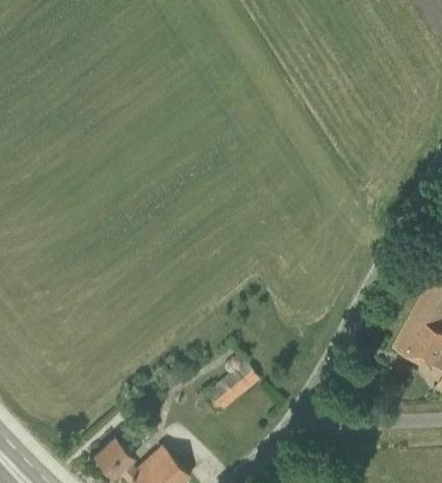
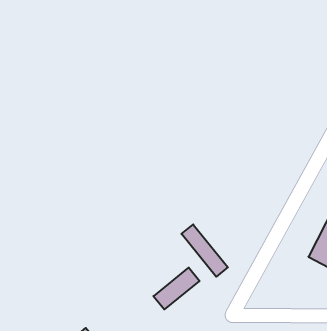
building: none -> [181,224,228,277]

